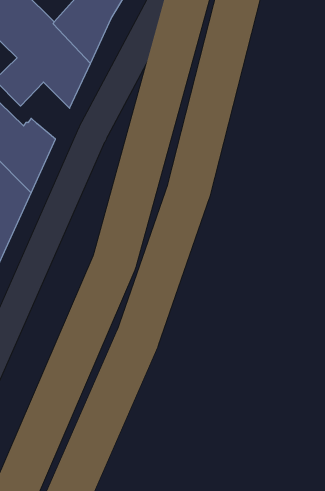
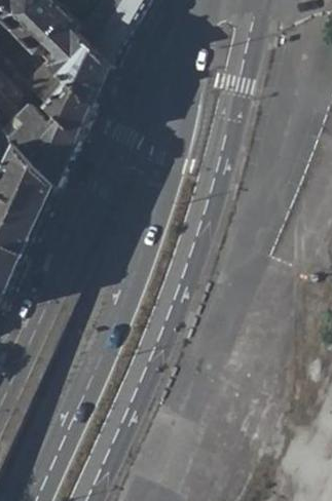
building: none -> [42,80,88,133]

